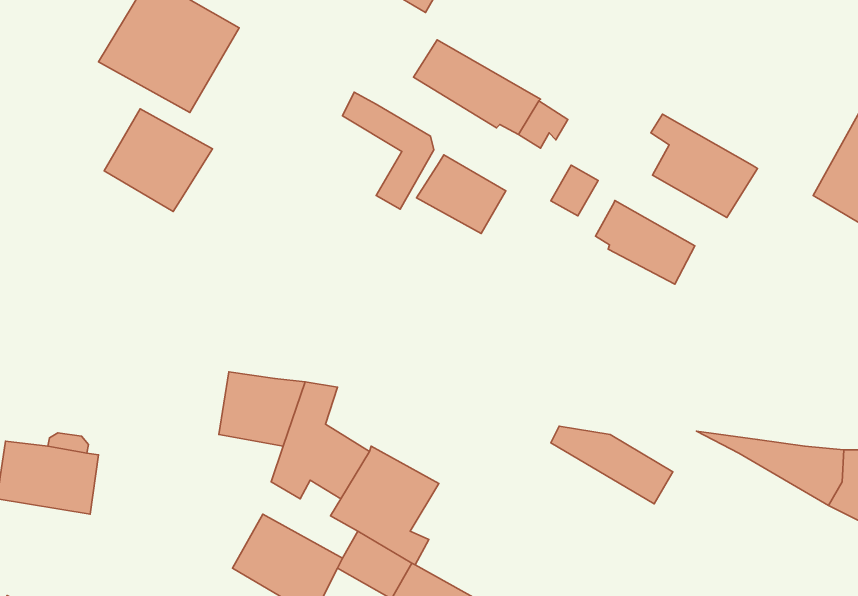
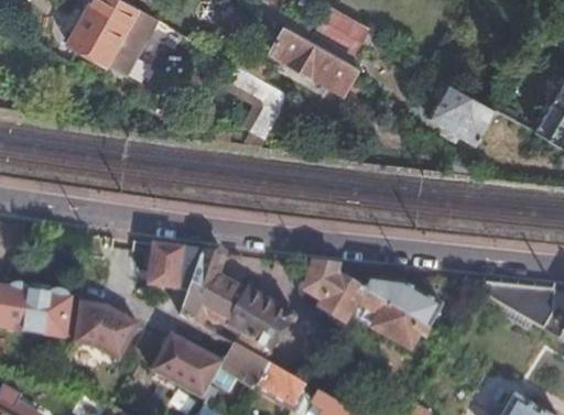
building: none -> [315,10,364,51]
building: [104,109,213,212] -> none
building: [416,155,506,234] -> none
building: [596,200,695,284] -> none
building: none -> [305,264,429,345]
building: none -> [68,305,139,362]

